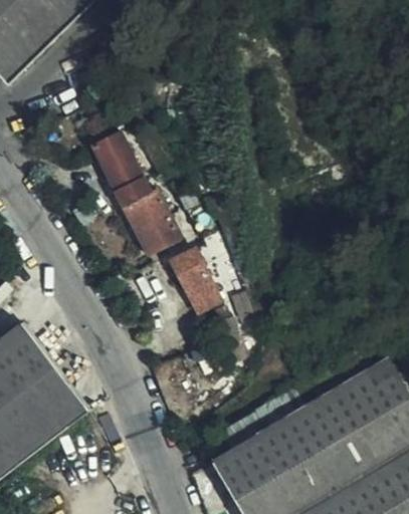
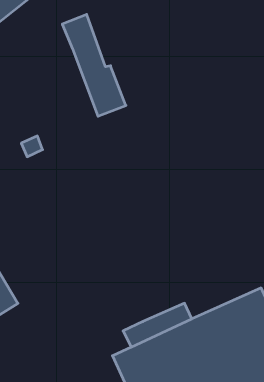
building: [91,133,181,257] -> [62,14,126,116]
building: [172,250,220,313] -> none

